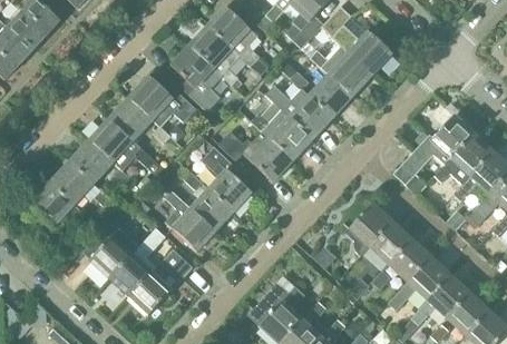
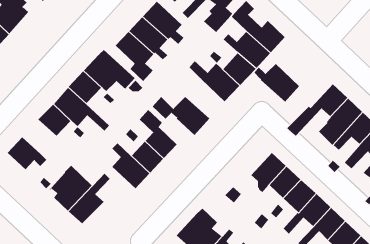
building: [252,109,312,160] -> [253,63,300,103]
building: [49,161,110,208] -> none
building: [127,250,192,316] -> none

